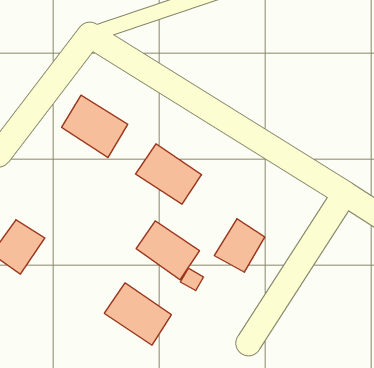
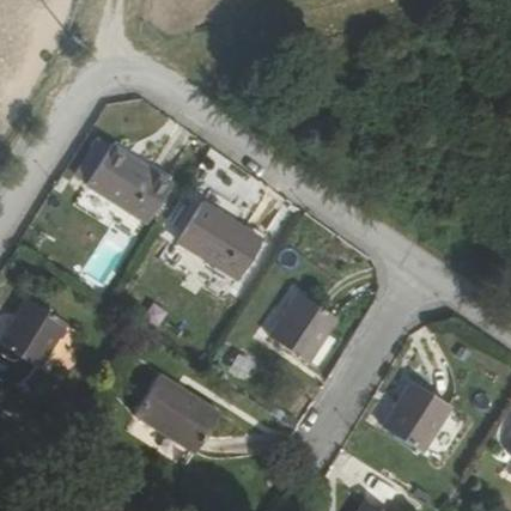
building: [136,221,199,280] -> none
building: none -> [383,387,450,452]

